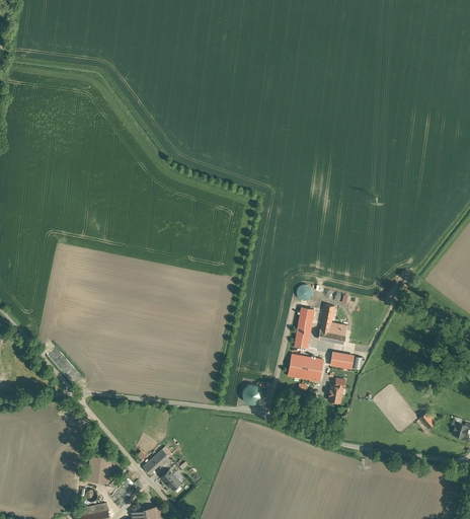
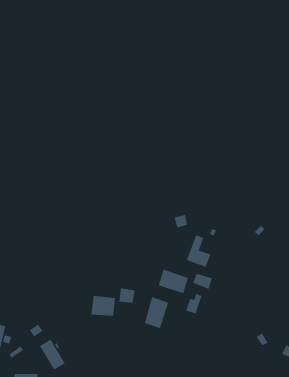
building: [294,308,315,348] -> none
building: none -> [144,296,169,329]
building: none -> [91,295,116,317]

